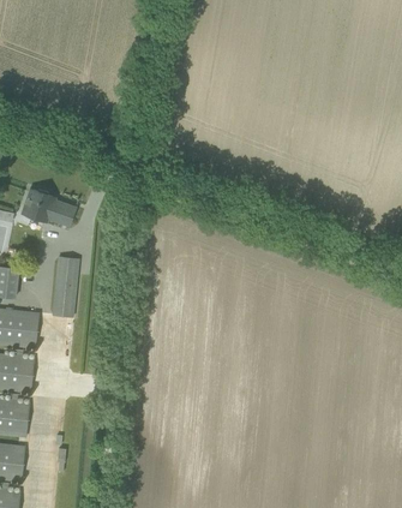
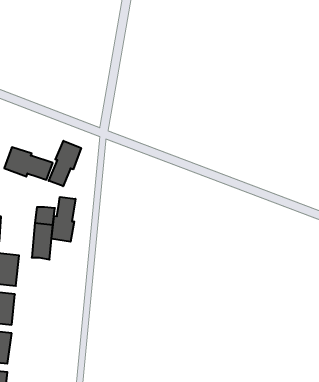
building: none -> [49,141,81,186]
building: none -> [51,197,75,242]

